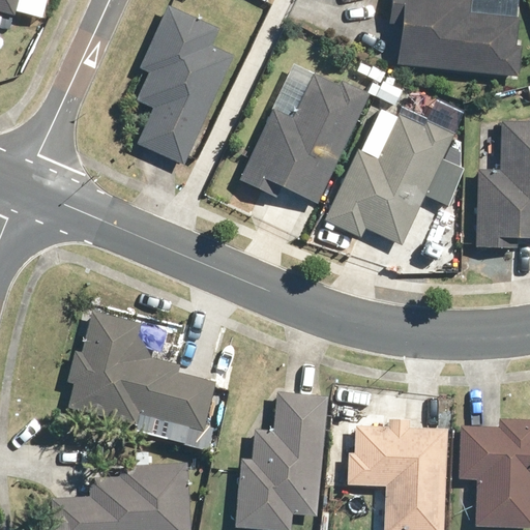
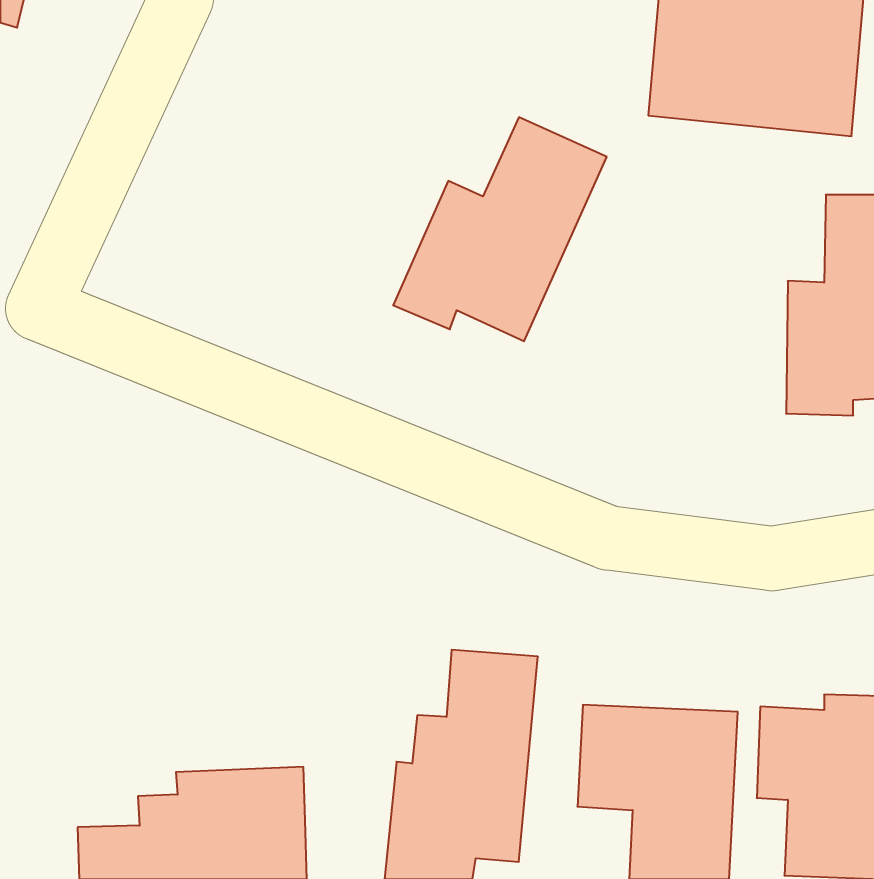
building: [138,6,233,166] -> none
building: [325,111,453,246] -> none
building: [66,311,214,432] -> none

